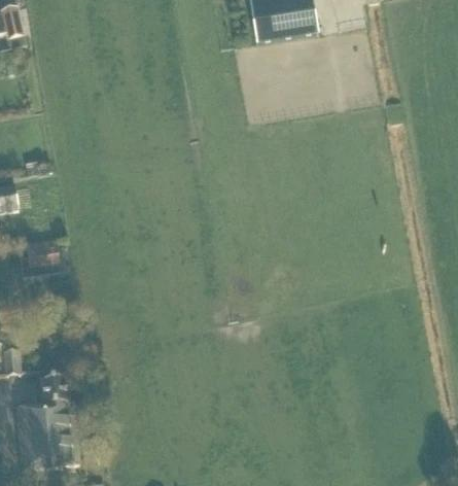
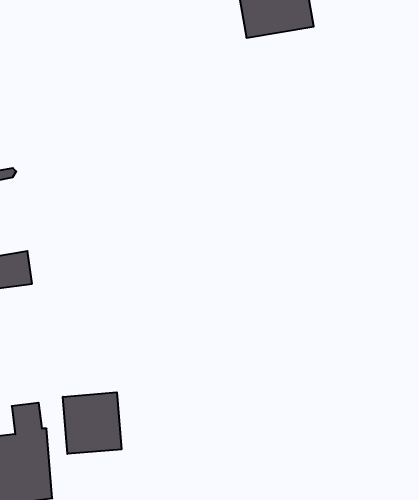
building: none -> [63,392,121,454]

